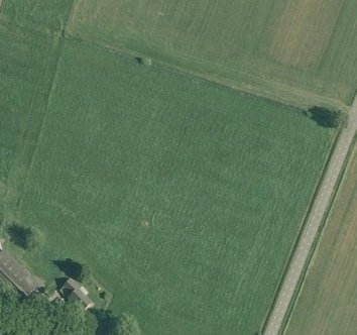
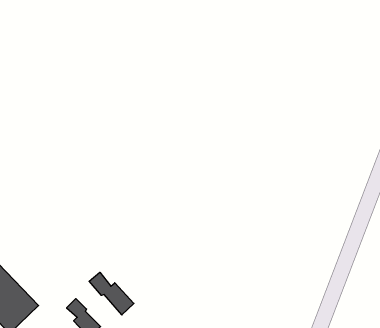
building: none -> [89,272,134,315]

